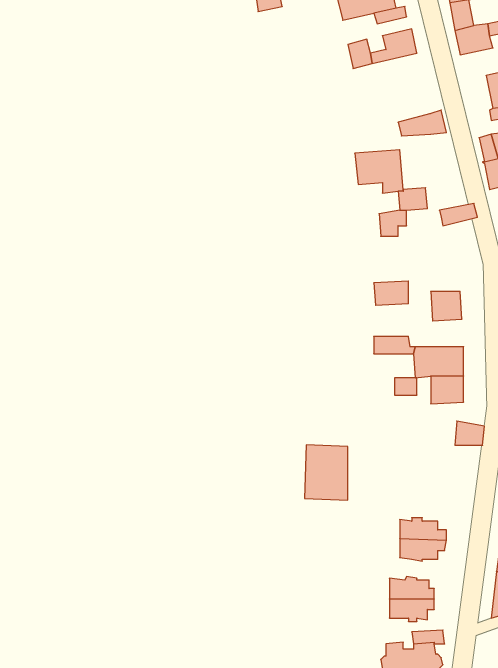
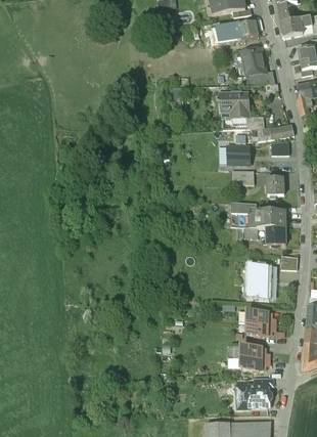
building: none -> [241,47,266,76]
building: none -> [227,146,251,165]
building: [305,445,348,500] -> [248,264,274,297]

